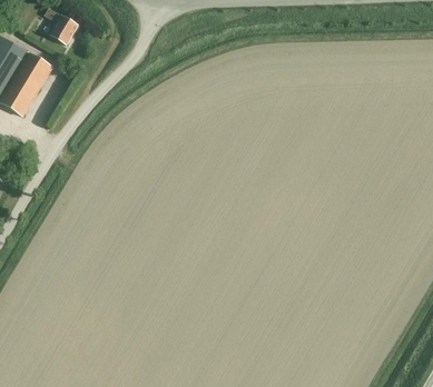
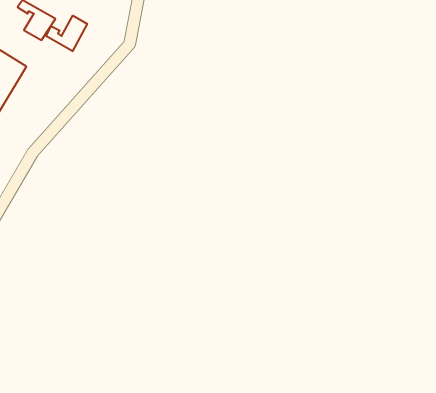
building: none -> [46,16,87,51]

